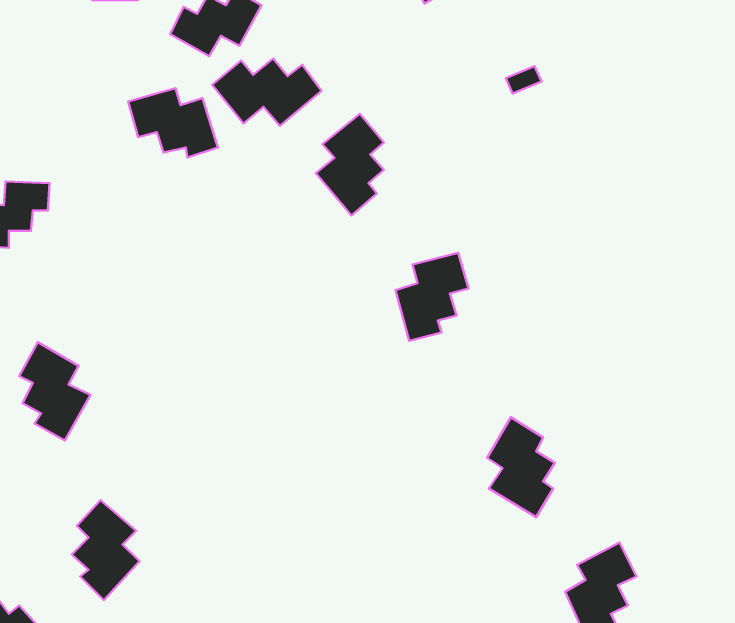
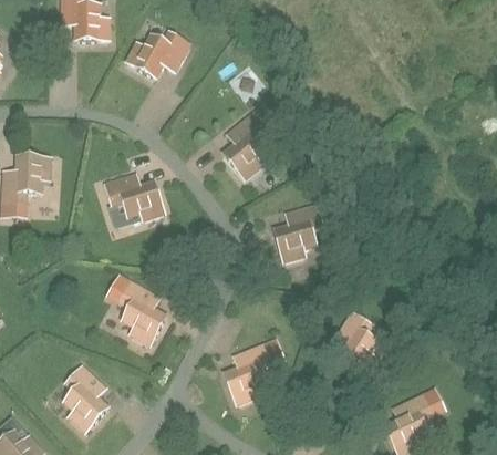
building: [212,59,322,126] -> none
building: [128,88,218,158] -> [104,175,163,220]
building: [19,342,90,441] -> [120,281,166,345]
building: none -> [224,344,271,404]

